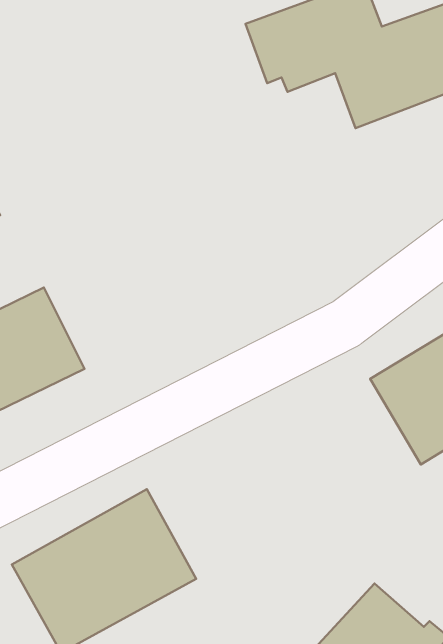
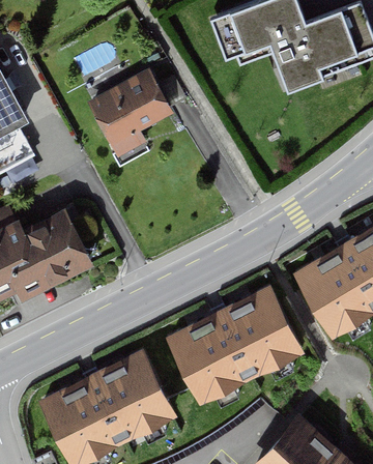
building: none -> [86,69,173,160]
building: none -> [169,288,298,400]

